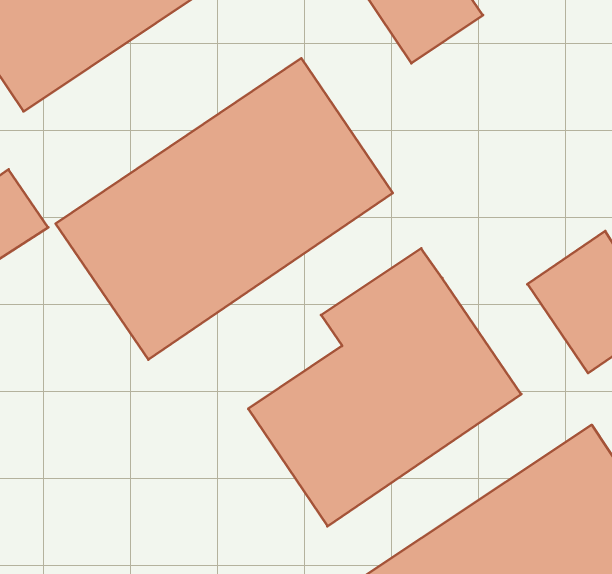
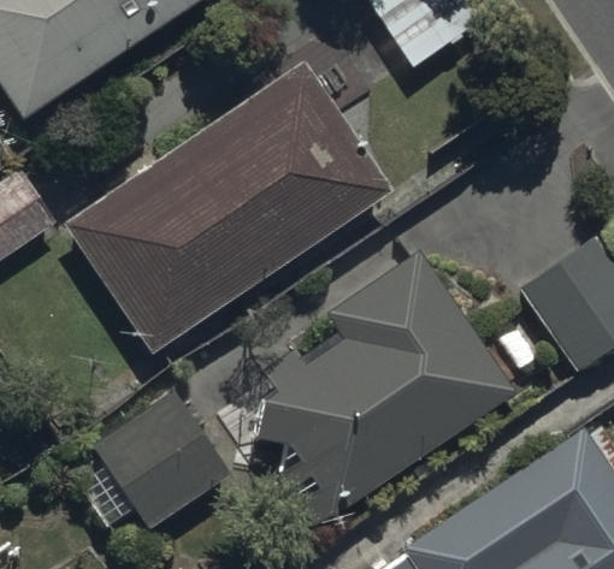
building: none -> [93,386,237,529]

